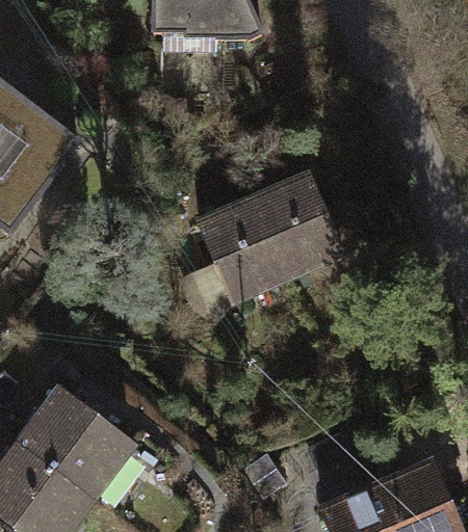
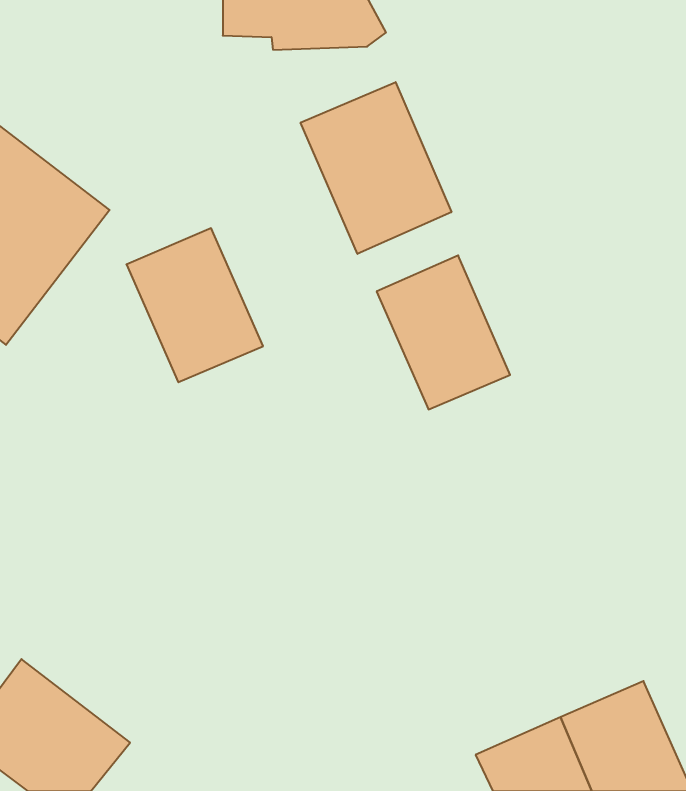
building: none -> [301,82,451,254]
building: [199,200,289,301] -> [126,228,263,382]
building: [20,390,133,498] -> none

